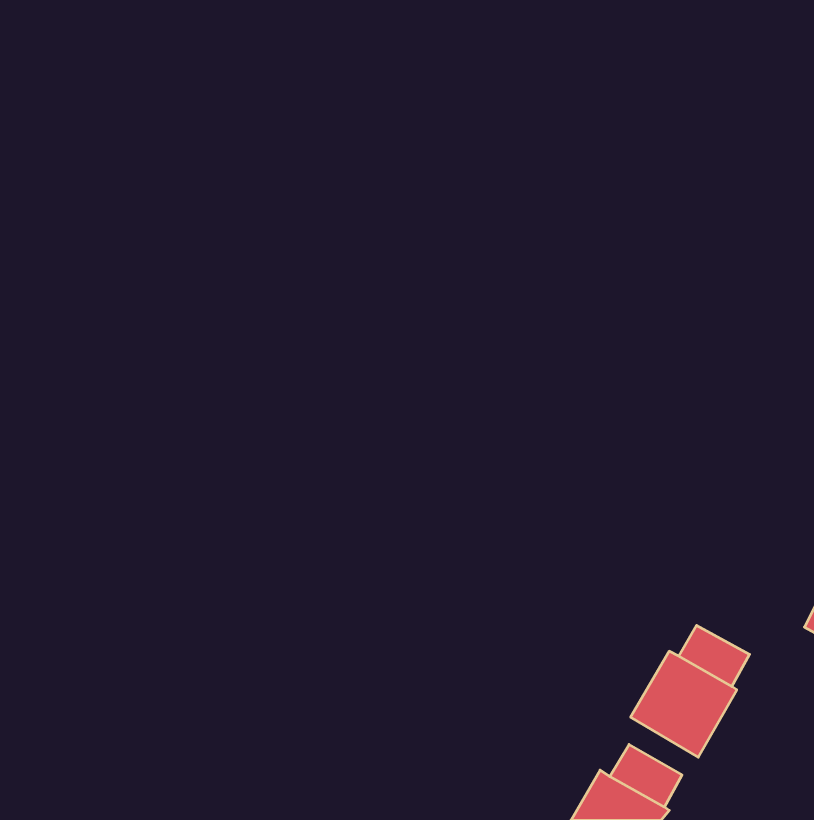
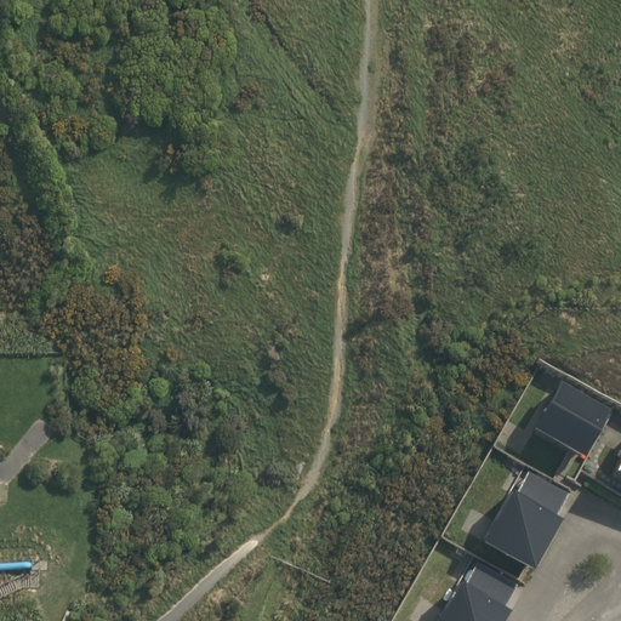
building: none -> [532,381,610,458]

